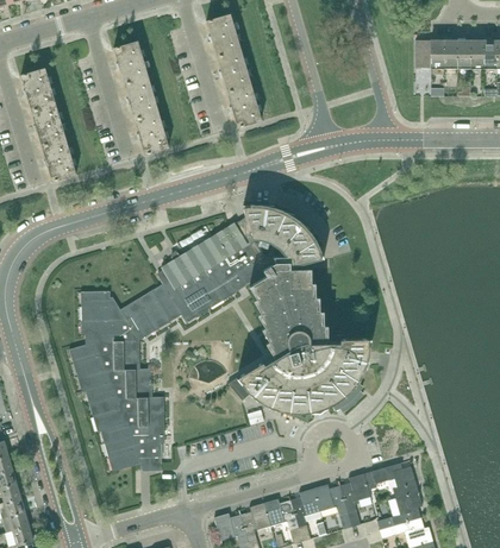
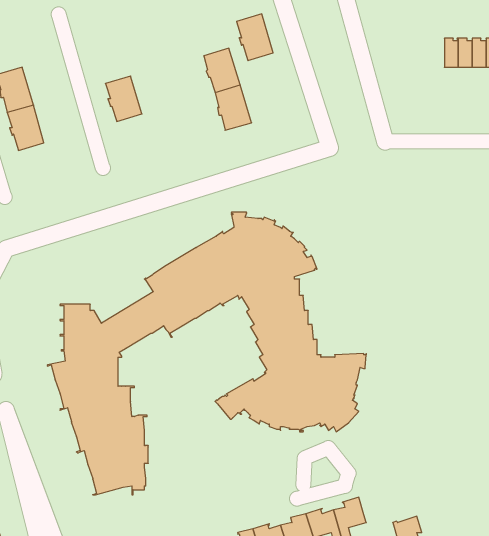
building: [206,13,240,57] -> [237,14,273,61]
building: [113,40,148,83] -> none
building: [415,40,444,68] -> none
building: [135,112,169,155] -> none
building: [42,139,76,181] -> none
building: [363,462,418,497] -> none

